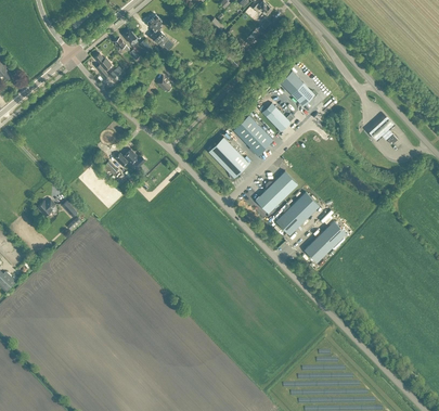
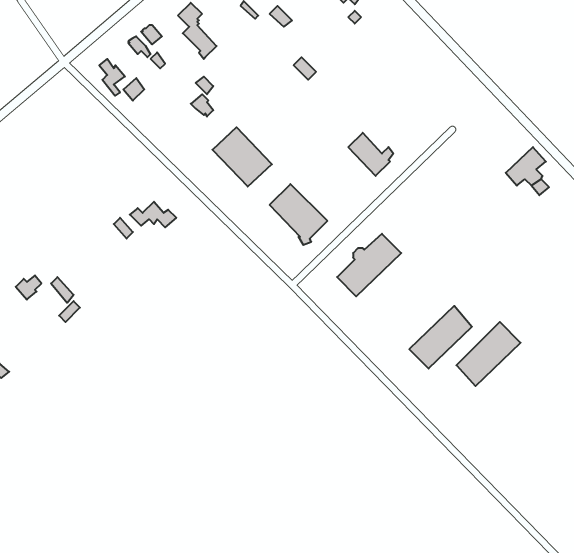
building: [280,72,317,106] -> none
building: [233,115,273,155] -> [212,127,272,187]
building: [276,192,320,235] -> [456,322,521,386]

